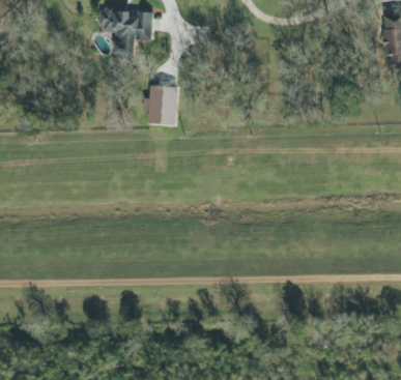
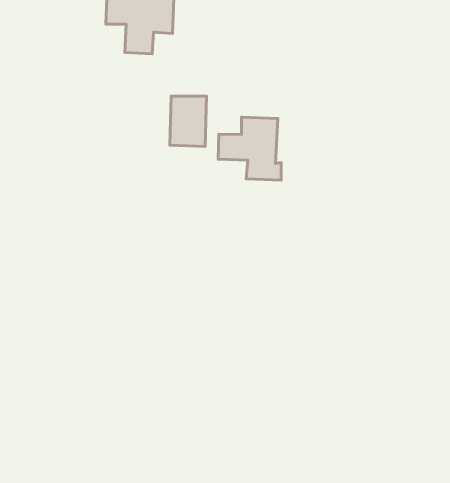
building: none -> [218,117,281,180]

